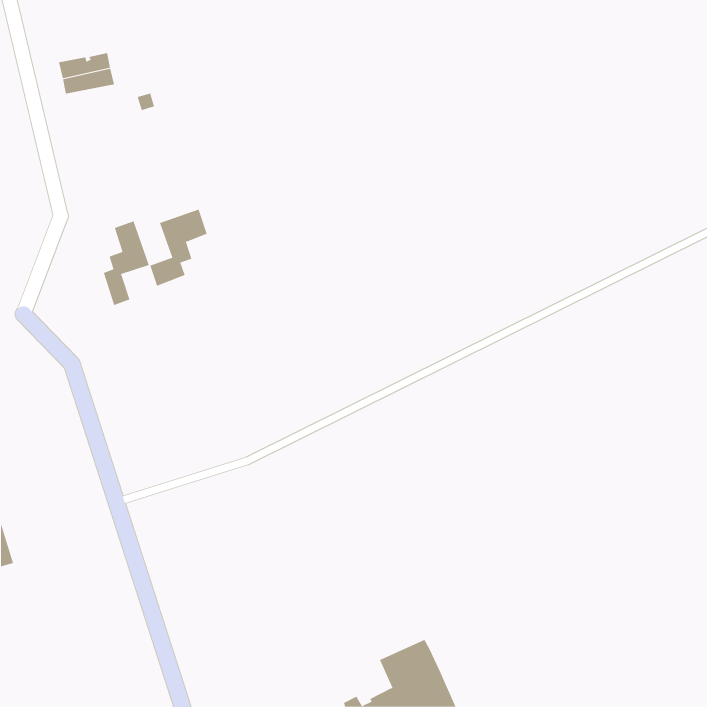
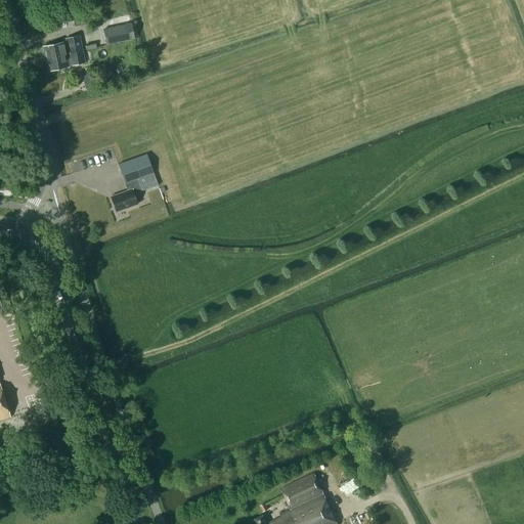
building: none -> [104,23,134,44]
building: [103,220,149,306] -> none

